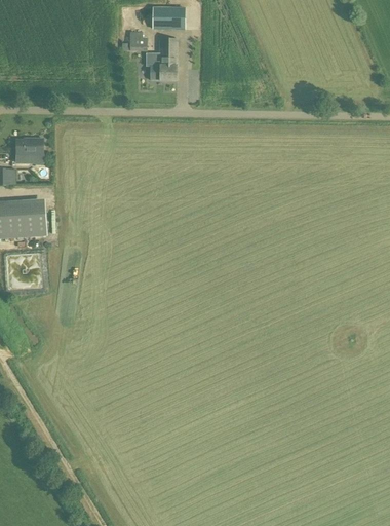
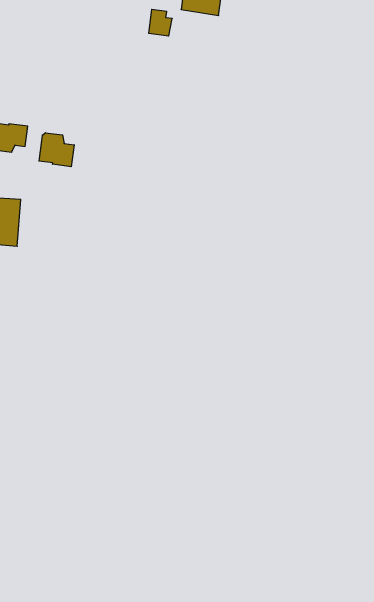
building: [150,38,177,80] -> none
building: none -> [39,133,74,167]

